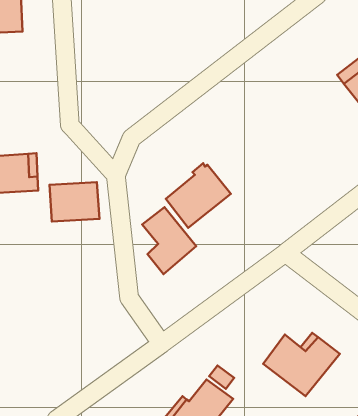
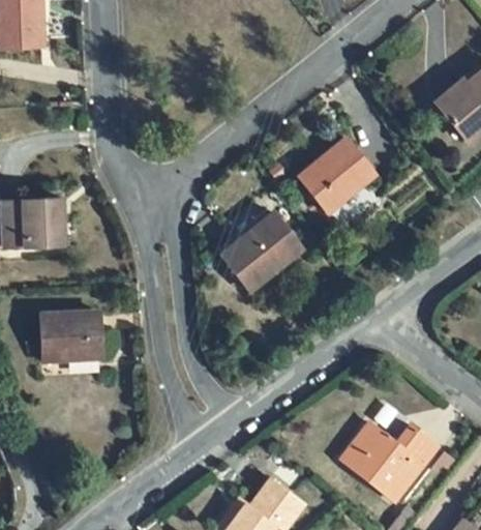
building: none -> [299,138,374,211]
building: [49,182,99,221] -> [40,312,102,360]
building: [142,207,196,274] -> none

